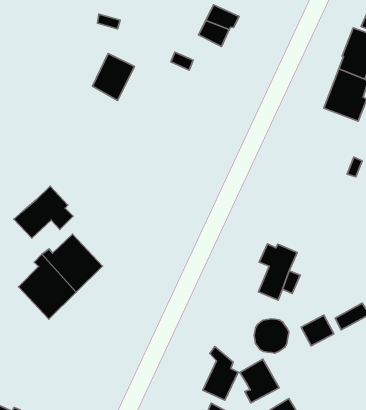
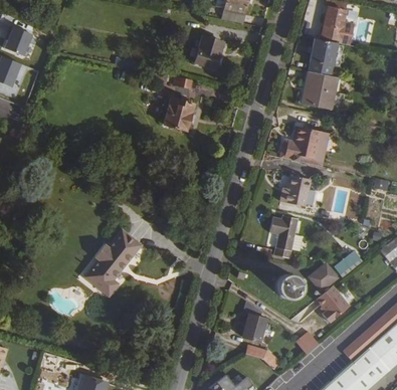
building: [92,53,135,100] -> [166,99,196,134]
building: none -> [294,126,329,161]
building: [14,186,73,238] -> none
building: none -> [279,176,311,207]
building: [240,359,279,403] -> [315,285,347,321]

